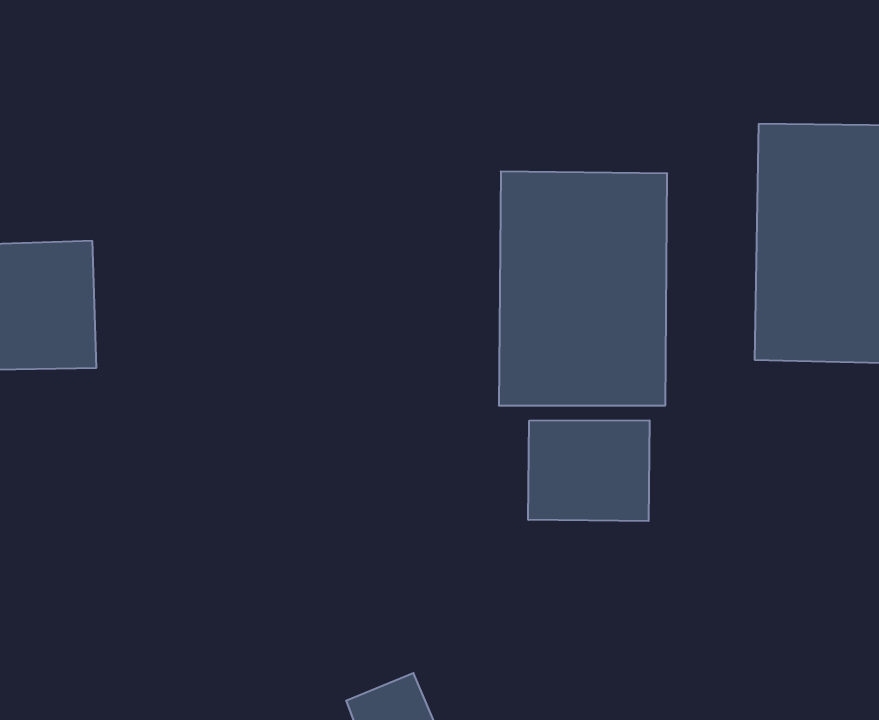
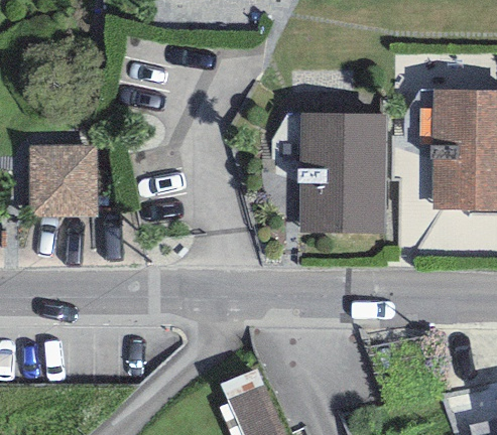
building: [528,420,649,521] -> none

